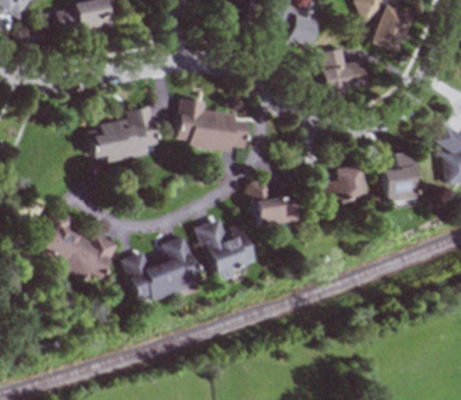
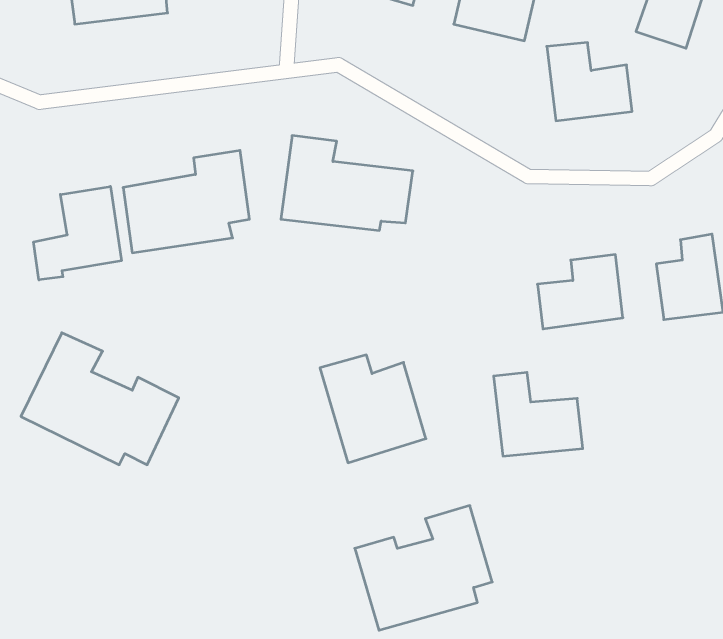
building: none -> [34,186,121,280]
building: [252,181,302,227] -> [494,372,583,456]
building: [124,236,199,304] -> [355,506,492,630]

